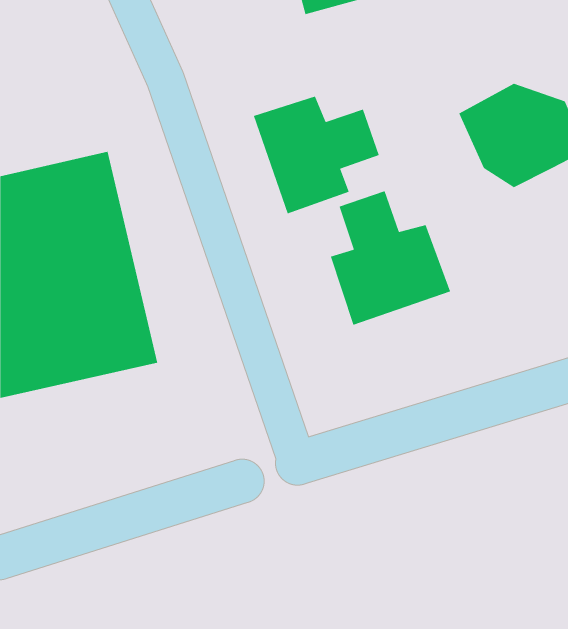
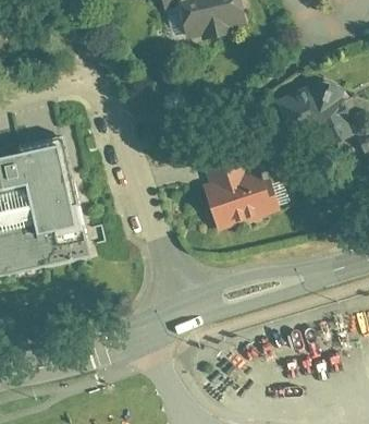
building: [253,96,380,215] -> none

